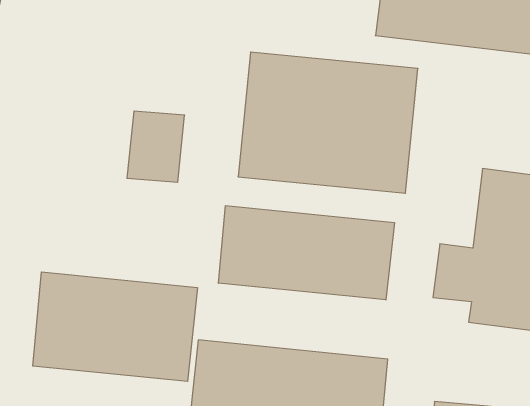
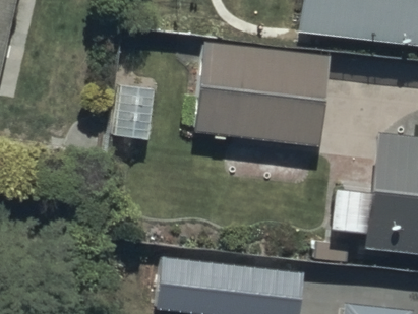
building: [218,206,394,300] -> none
building: [33,272,197,381] -> none

